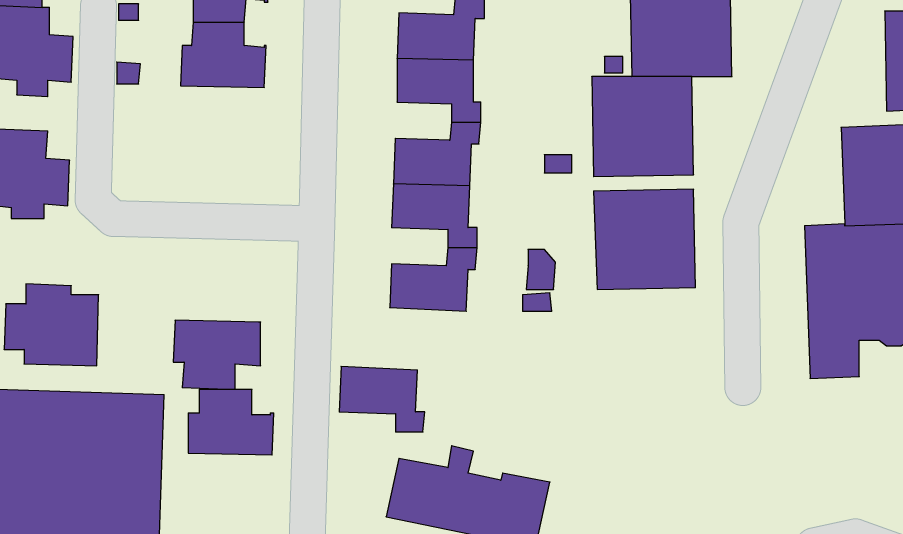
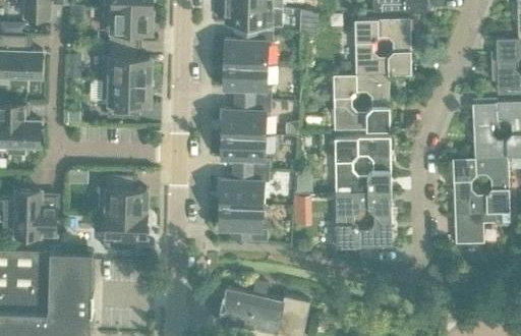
building: none -> [102,80,150,118]
building: none -> [336,193,392,249]
building: [339,366,425,432] -> [219,205,267,241]
building: [188,389,274,455] -> [100,176,148,213]

